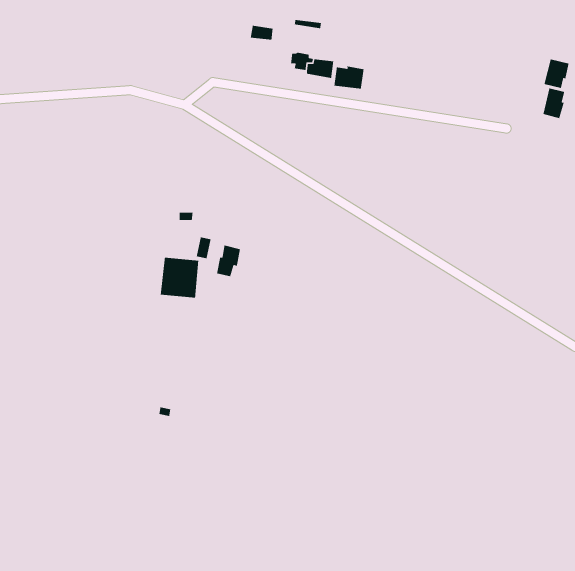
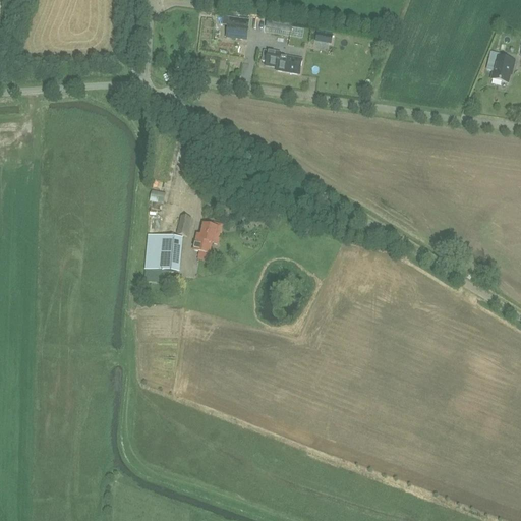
building: [334,66,364,89] -> none
building: [542,87,565,119] -> none

